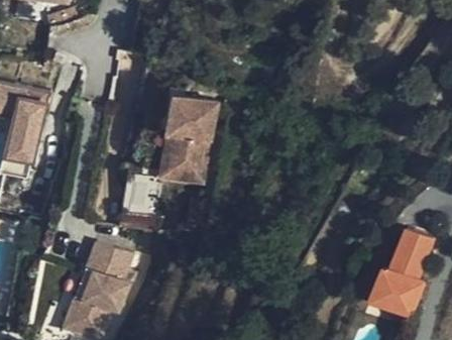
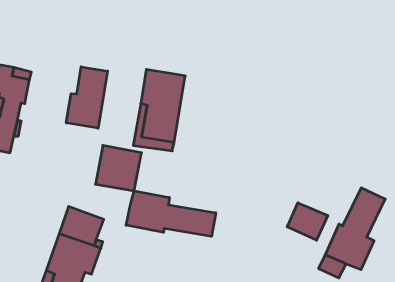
building: none -> [66,67,108,128]
building: none -> [126,191,216,236]
building: none -> [287,203,328,240]

